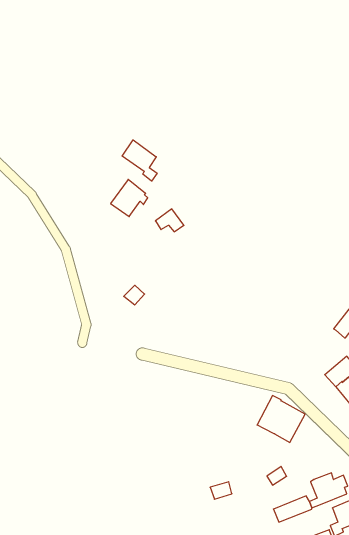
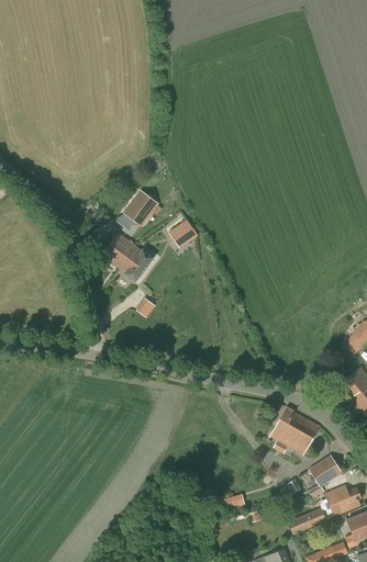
building: [122,140,157,181] -> none
building: none -> [101,233,154,282]
building: none -> [308,453,343,487]

